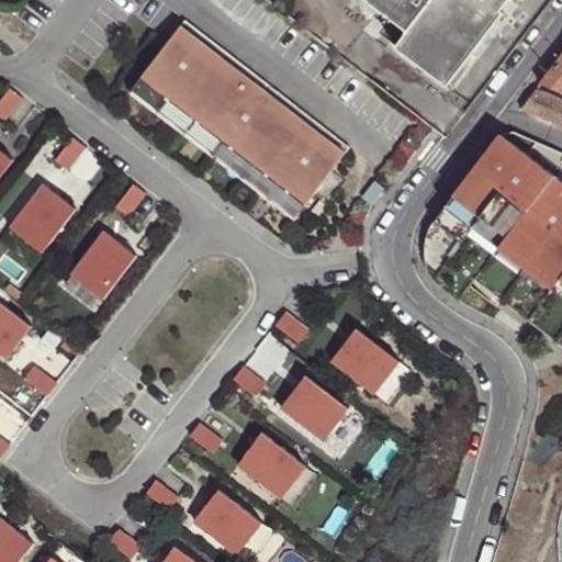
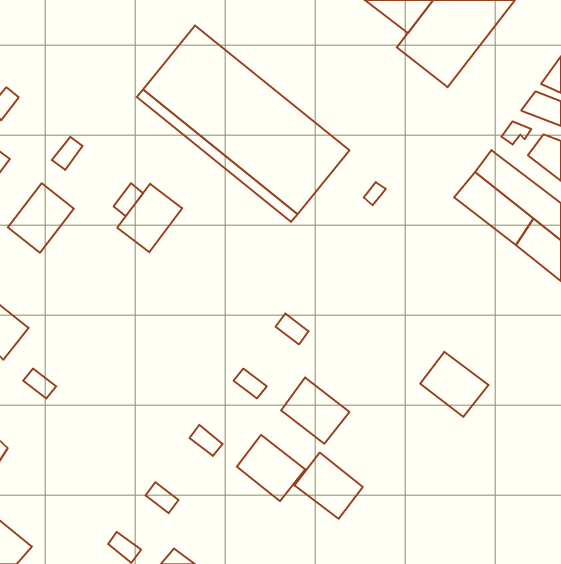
building: [70,231,135,299] -> [117,184,182,252]
building: [330,329,398,394] -> [420,352,489,417]
building: [192,488,260,554] -> [294,453,363,519]

